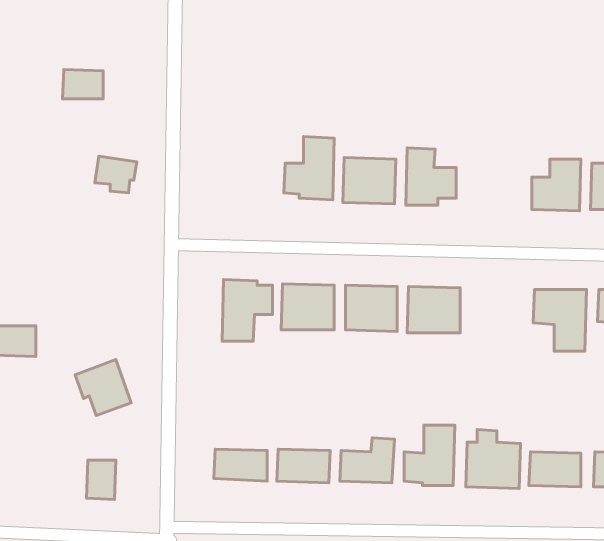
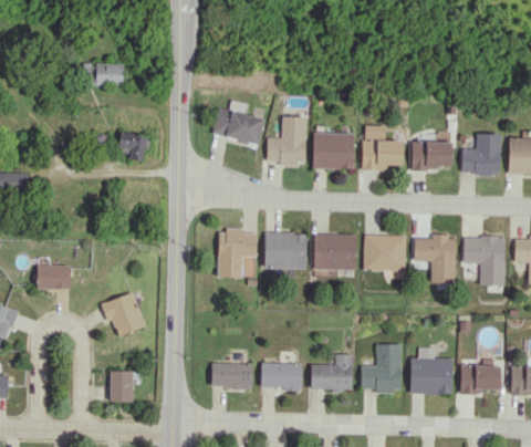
building: none -> [214,108,264,144]
building: none -> [412,142,452,169]
building: none -> [415,236,456,283]

